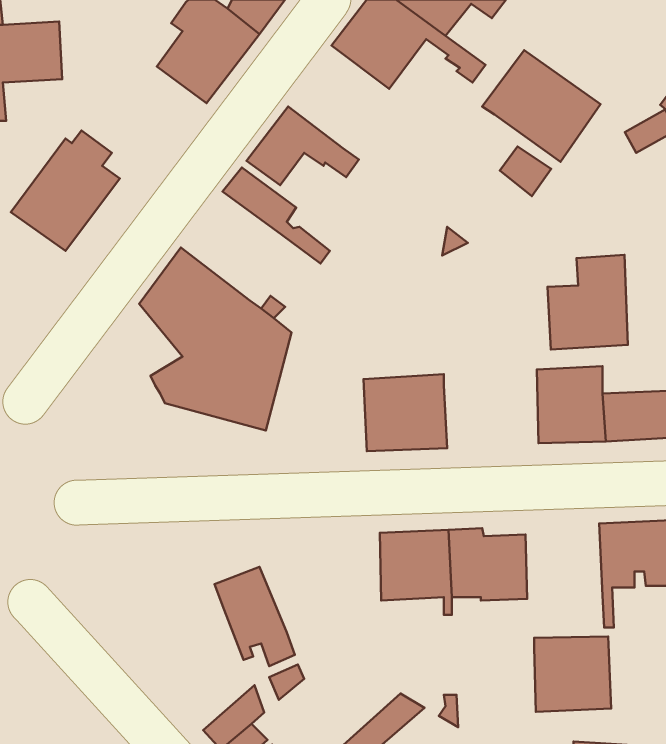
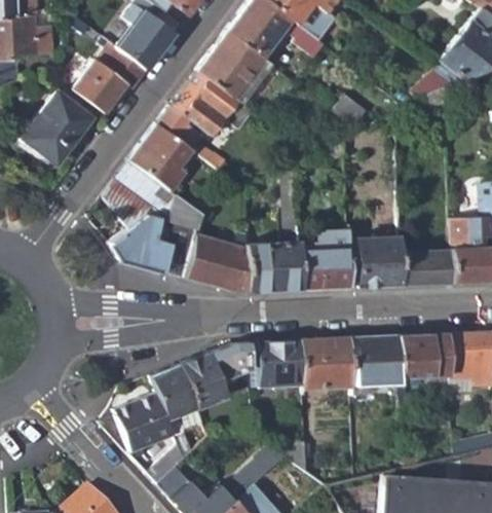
building: none -> [200,31,272,97]
building: [482,50,601,162] -> none
building: none -> [72,40,148,112]
building: none -> [131,124,196,194]
building: [548,255,628,349] -> [300,228,351,289]
building: none -> [186,232,251,292]
building: none -> [182,347,242,407]
building: none -> [117,393,175,449]
building: [534,636,611,712] -> [352,337,402,386]

